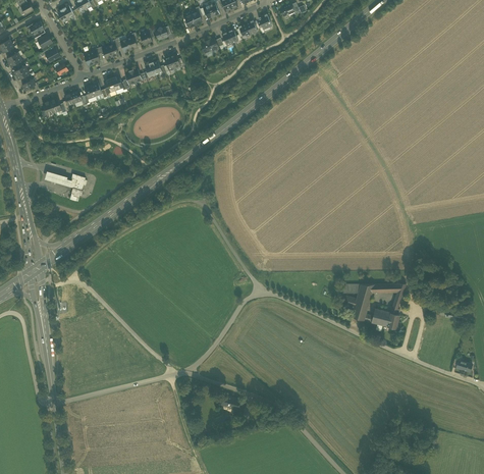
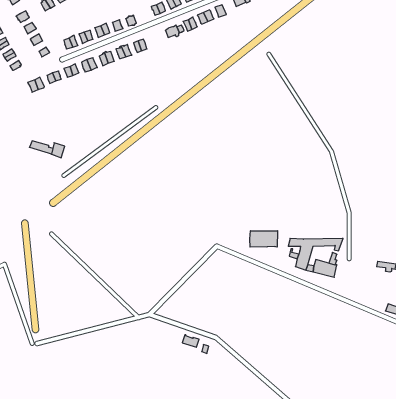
building: none -> [250,231,278,247]

